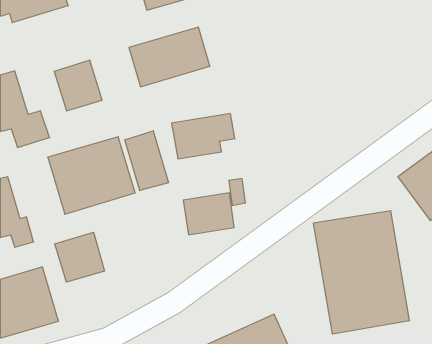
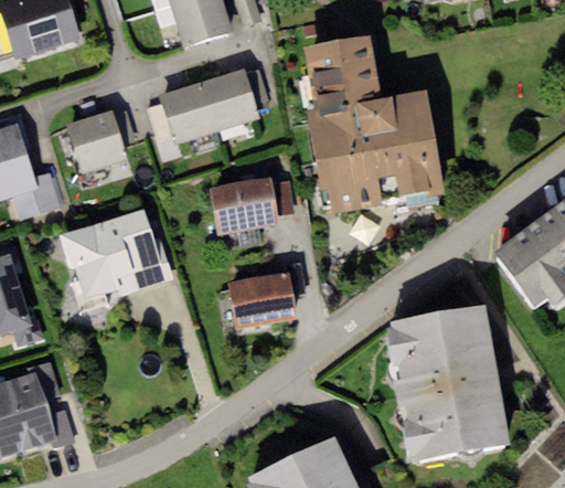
building: none -> [303,43,439,213]
building: [125,131,169,191] -> none
building: [55,232,105,282] -> none

